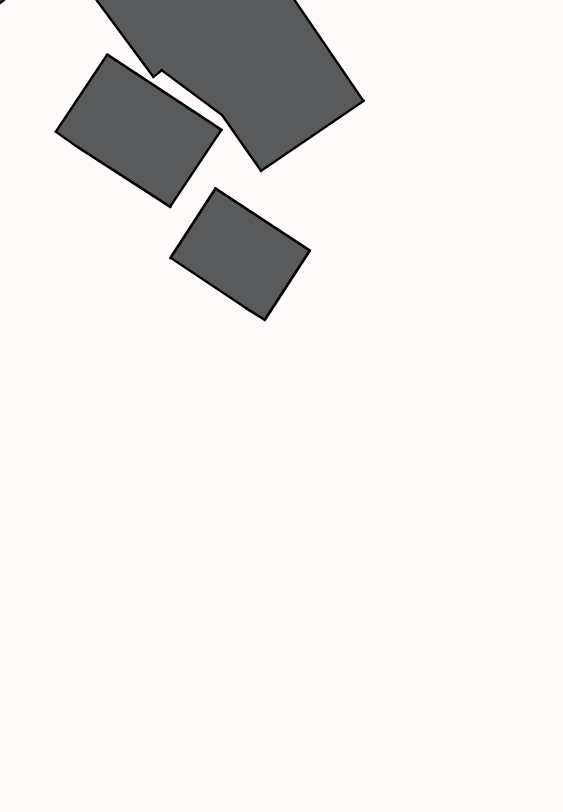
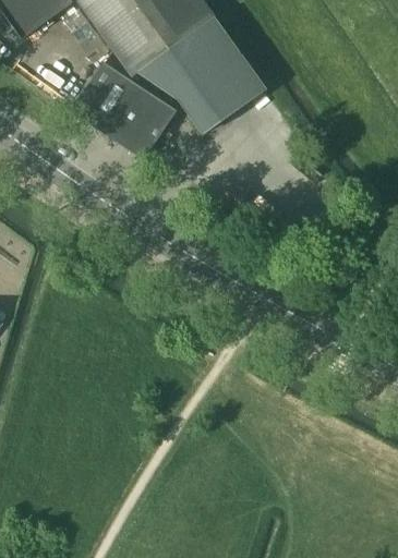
building: [170,188,310,320] -> none

